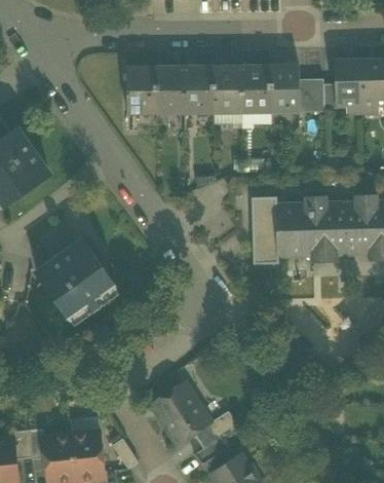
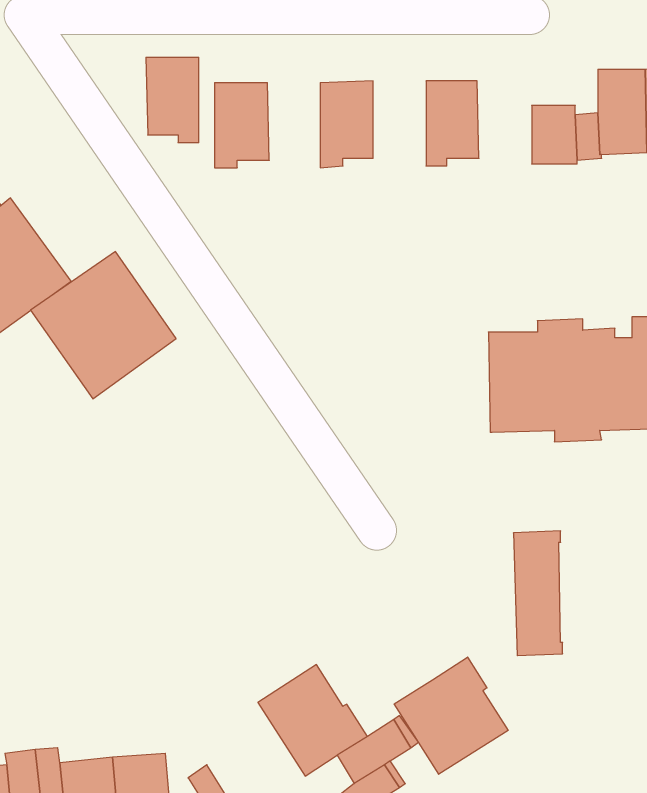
building: [270,65,300,111] -> none
building: [214,66,242,112] -> none
building: [156,67,185,113] -> [146,57,199,143]
building: [252,196,278,264] -> [513,531,563,656]
building: [37,240,116,321] -> [31,252,176,399]
building: none -> [394,657,508,774]

